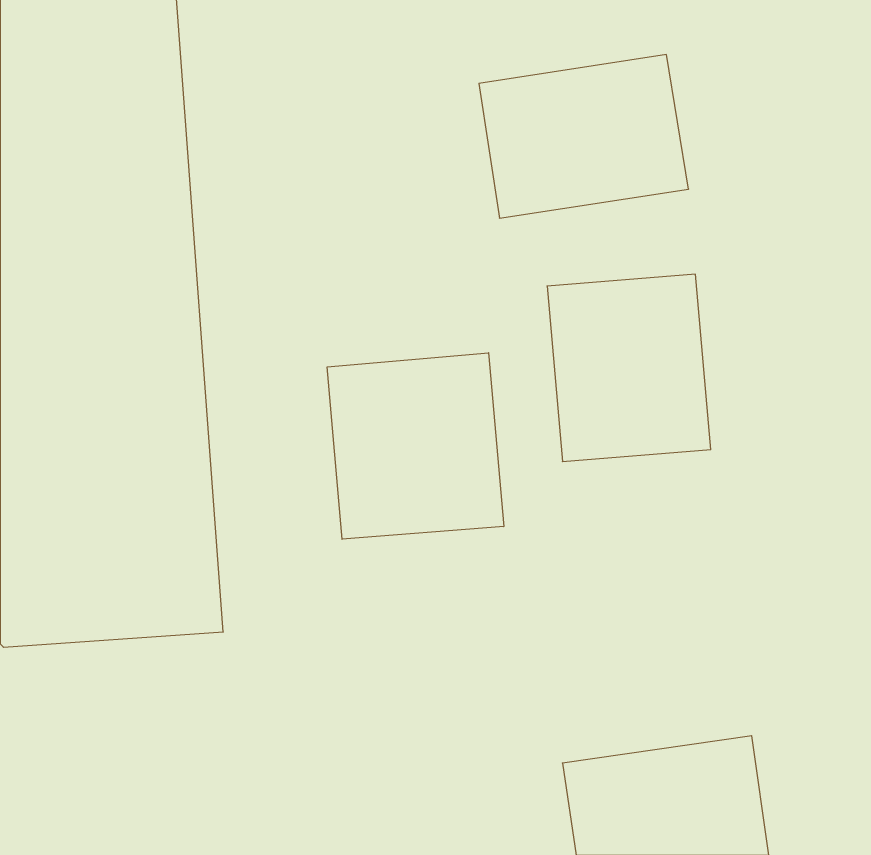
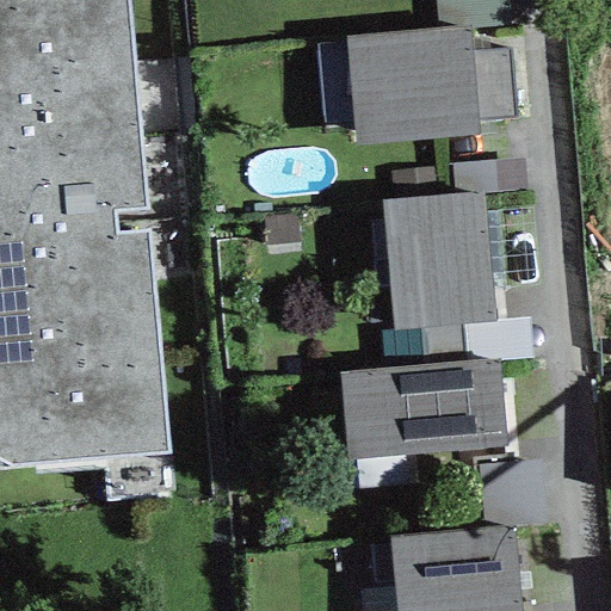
building: [327,353,504,539] -> none
building: none -> [351,363,523,463]

